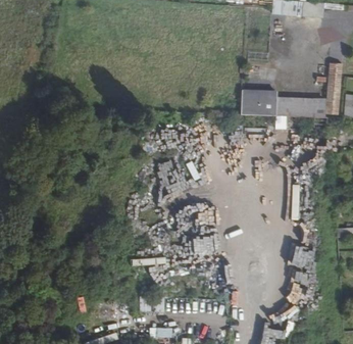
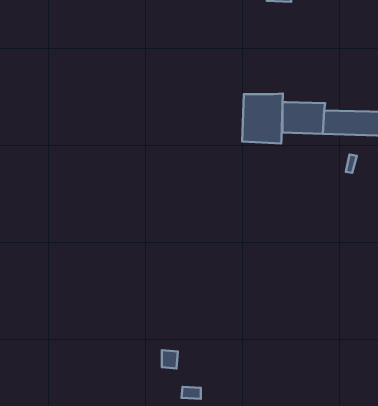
building: none -> [242,93,283,144]

